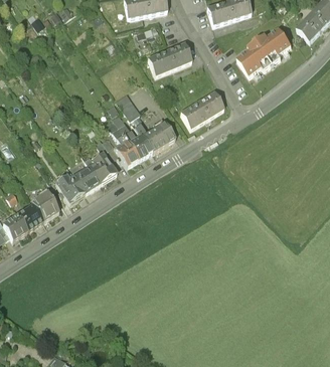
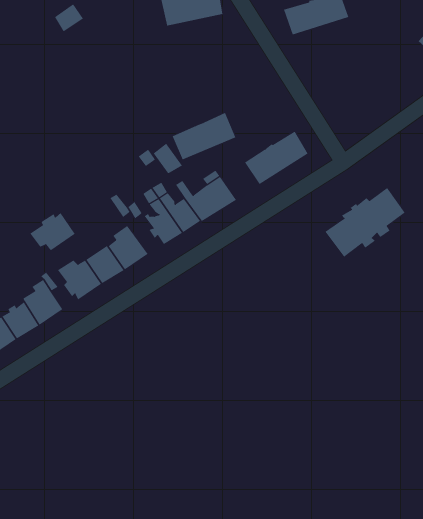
building: [236,27,291,74] -> [325,187,405,257]
building: [148,43,191,75] -> [172,112,236,160]
building: none -> [29,212,76,251]

